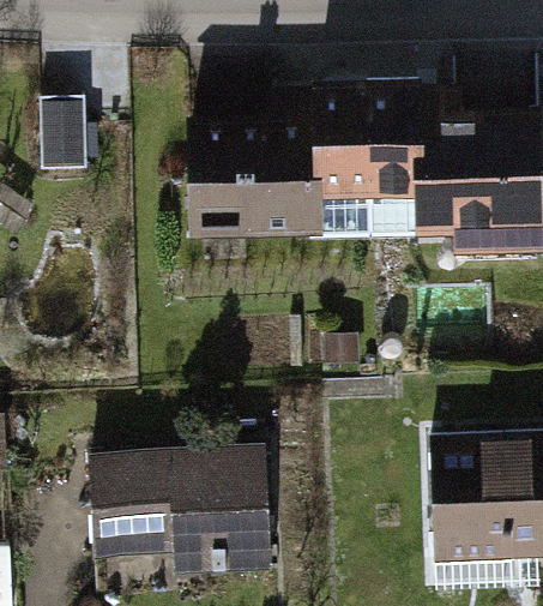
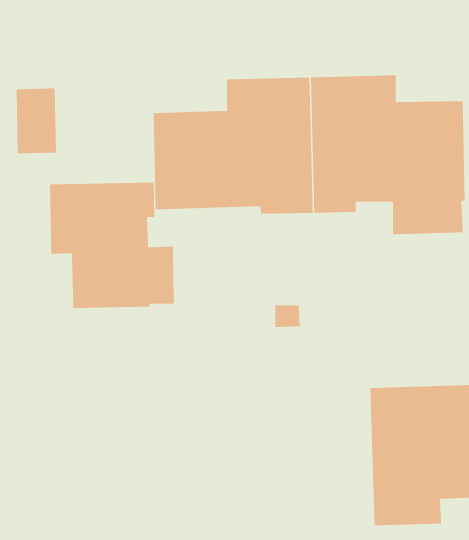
building: none -> [50,182,174,309]
building: [86,449,272,569] -> none

